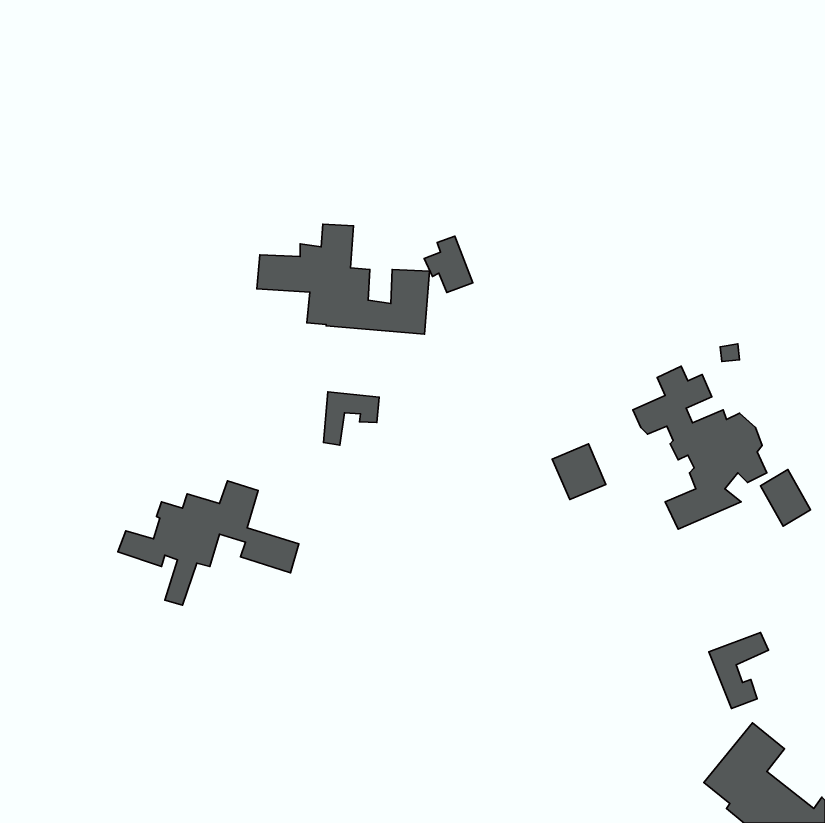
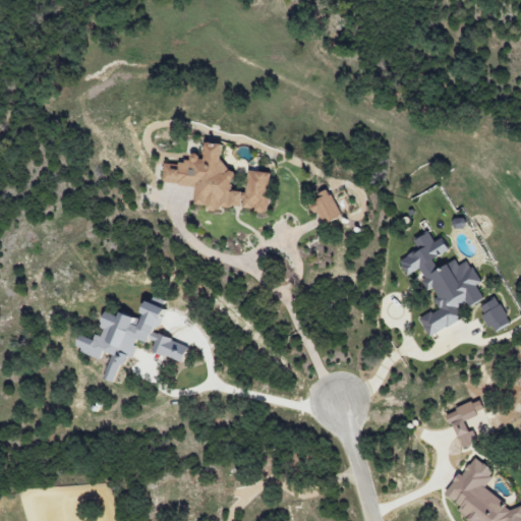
building: [424,236,473,292] -> [309,187,340,223]
building: [324,392,379,445] -> none
building: [552,444,606,499] -> none

